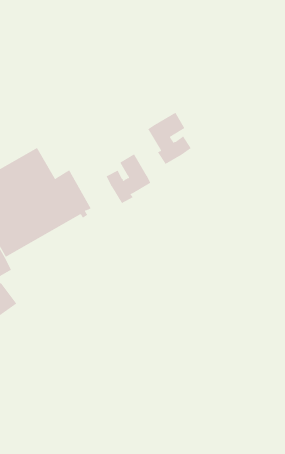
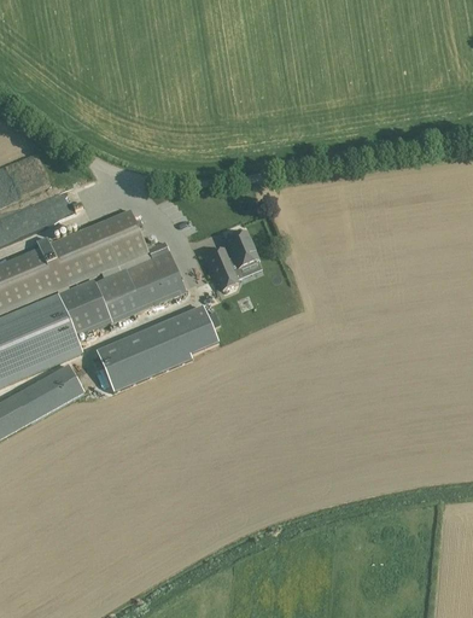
building: [148,112,191,165] -> none
building: none -> [95,305,218,391]

